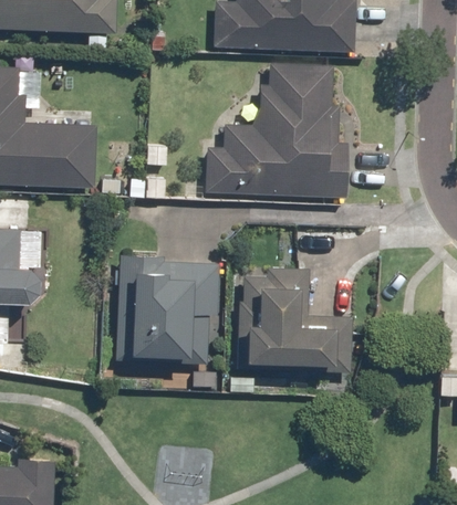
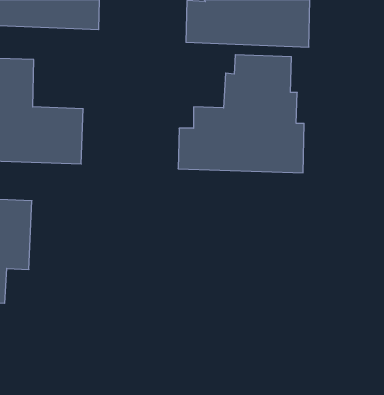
building: [114,256,220,364] -> none
building: [237,267,357,374] -> none

